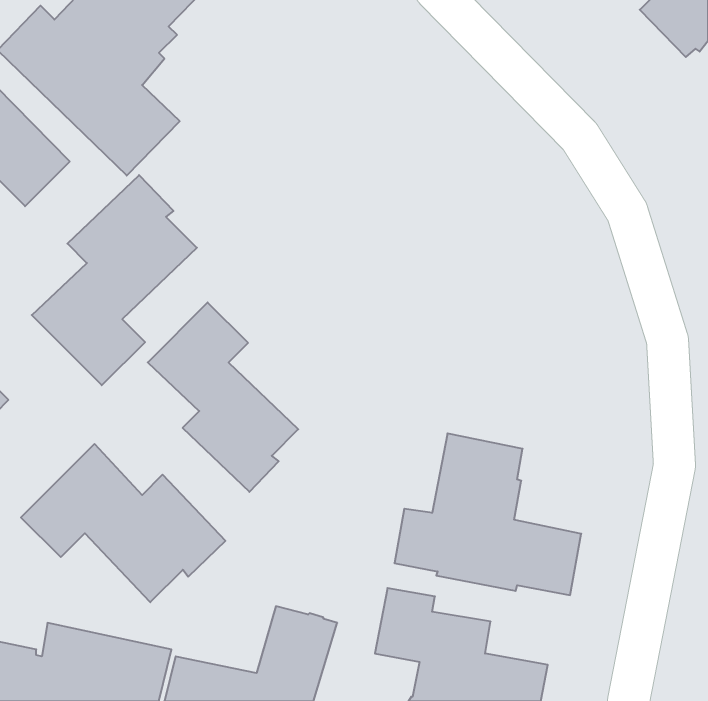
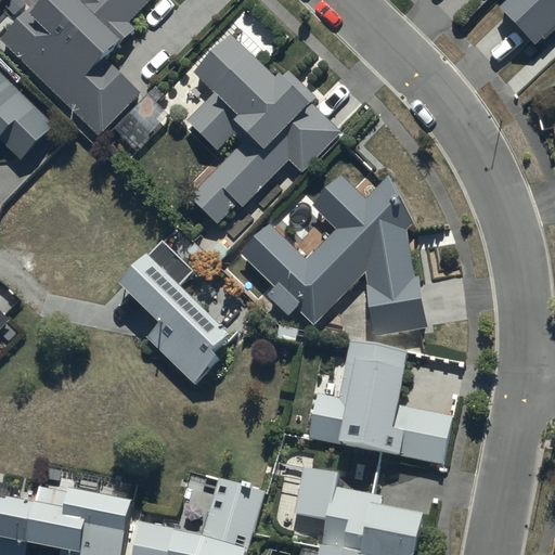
building: none -> [183,35,340,224]
building: [32,175,197,385] -> none
building: none -> [238,175,426,348]
building: [21,444,225,602] -> none

